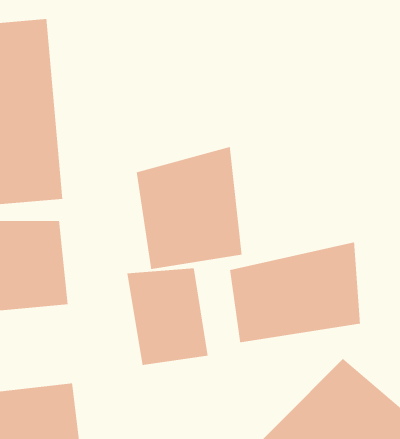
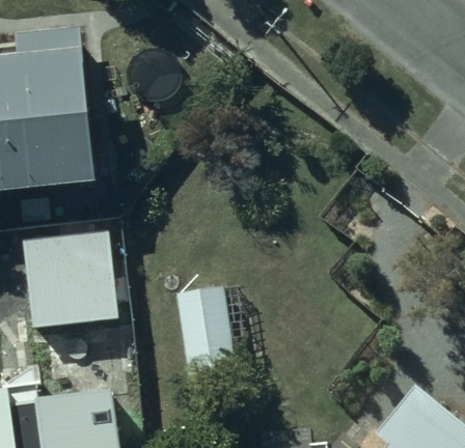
building: [136,146,242,270] -> none
building: [229,242,360,343] -> none

